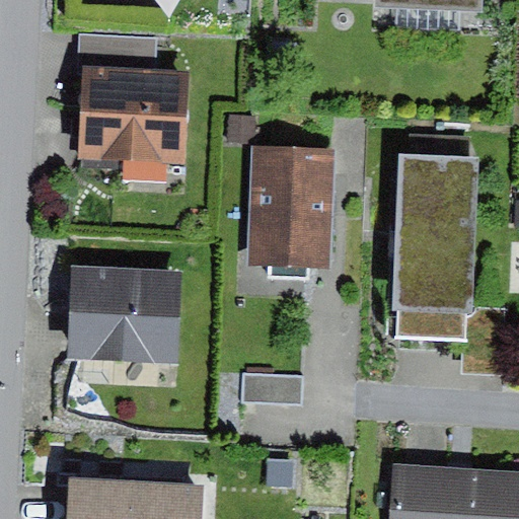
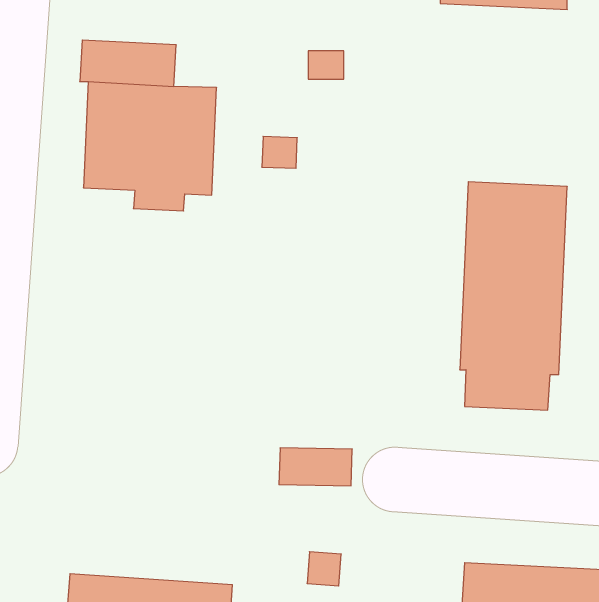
building: [246,145,332,268] -> none
building: [67,266,182,366] -> none

